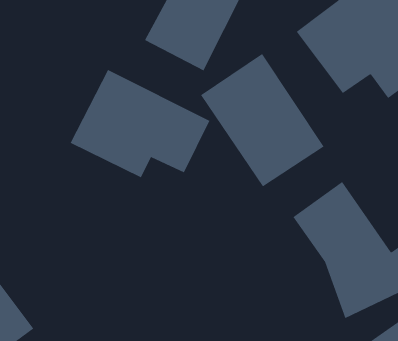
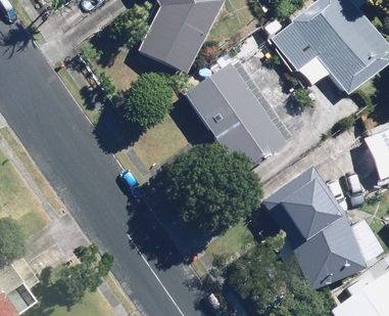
building: [70,69,210,178] -> none

